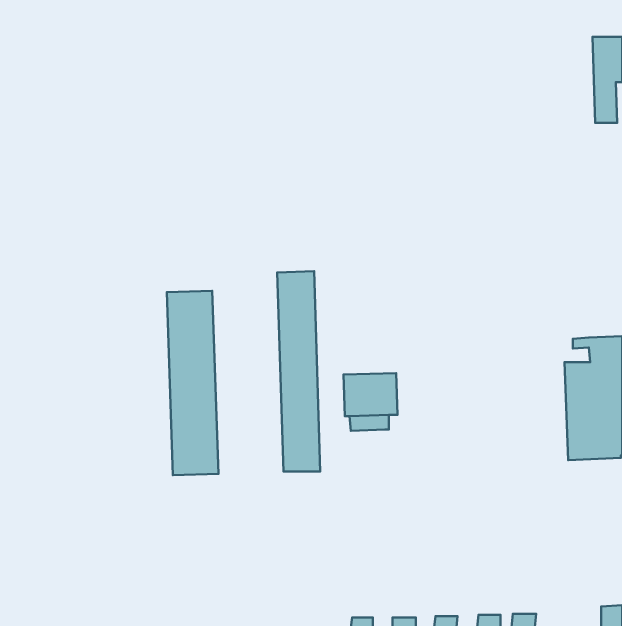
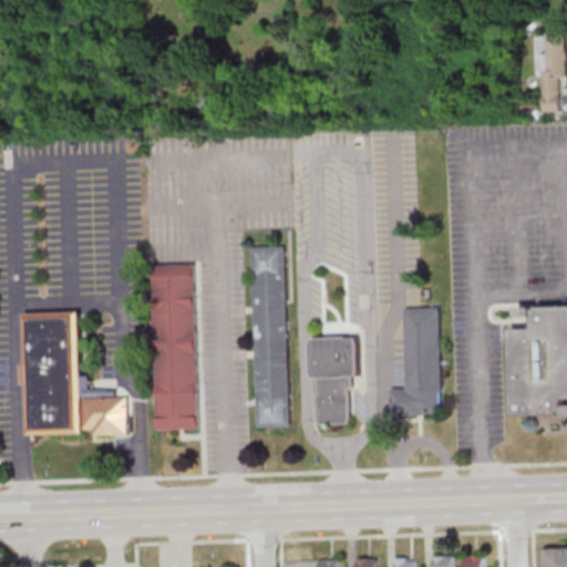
building: none -> [388,307,440,415]
building: none -> [22,310,127,435]
building: none -> [317,389,348,423]

